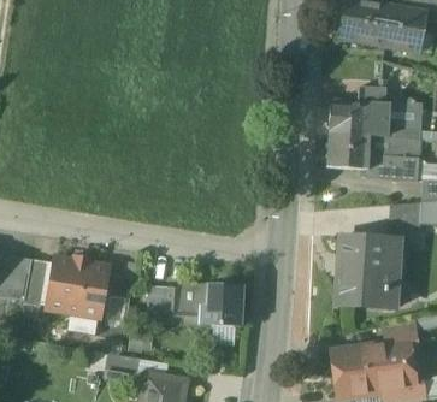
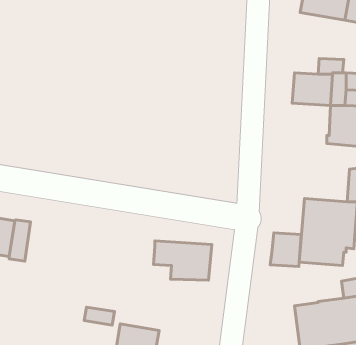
building: [329,135,371,170] -> none
building: [48,258,108,317] -> none
building: none -> [270,233,301,267]
building: [165,288,200,324] -> none

